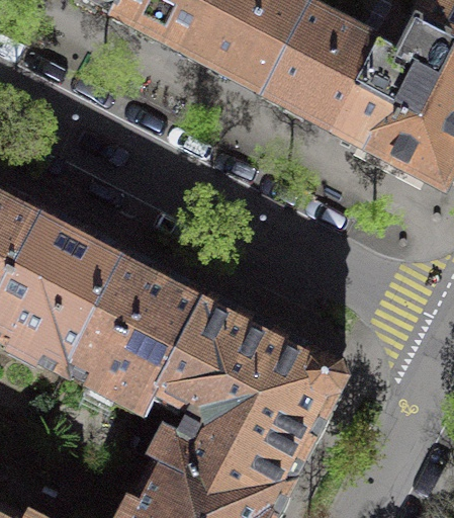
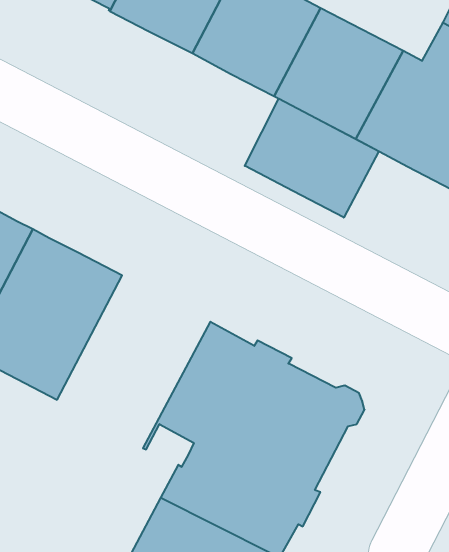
building: none -> [245,99,379,218]
building: [64,258,204,417] -> none

